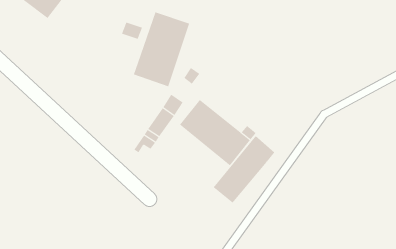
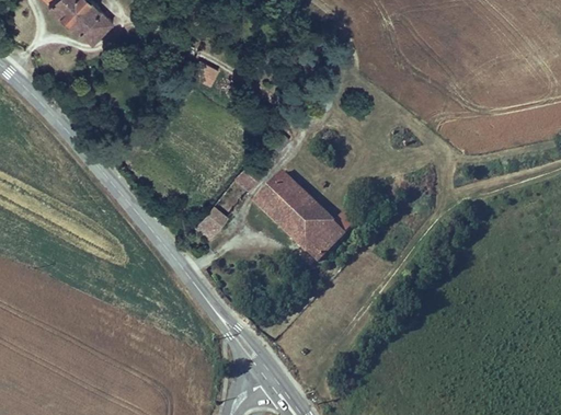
building: [133,12,190,87] -> none
building: [213,135,275,203] -> none

